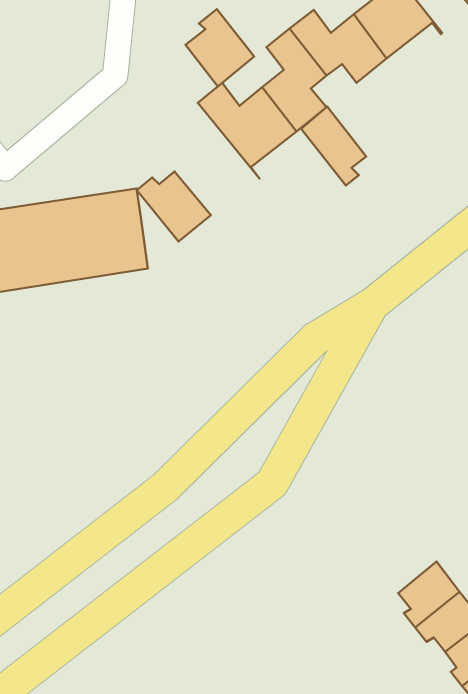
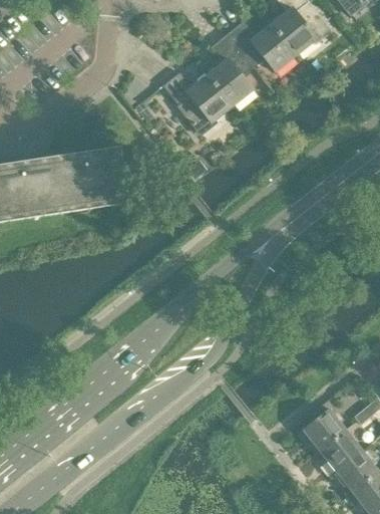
building: [186,9,254,86] -> none
building: [301,107,366,186] -> none
building: [137,172,211,241] -> none

